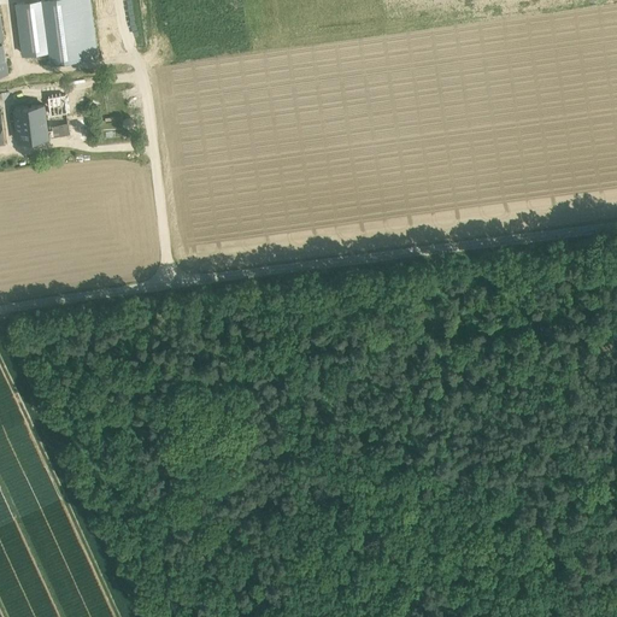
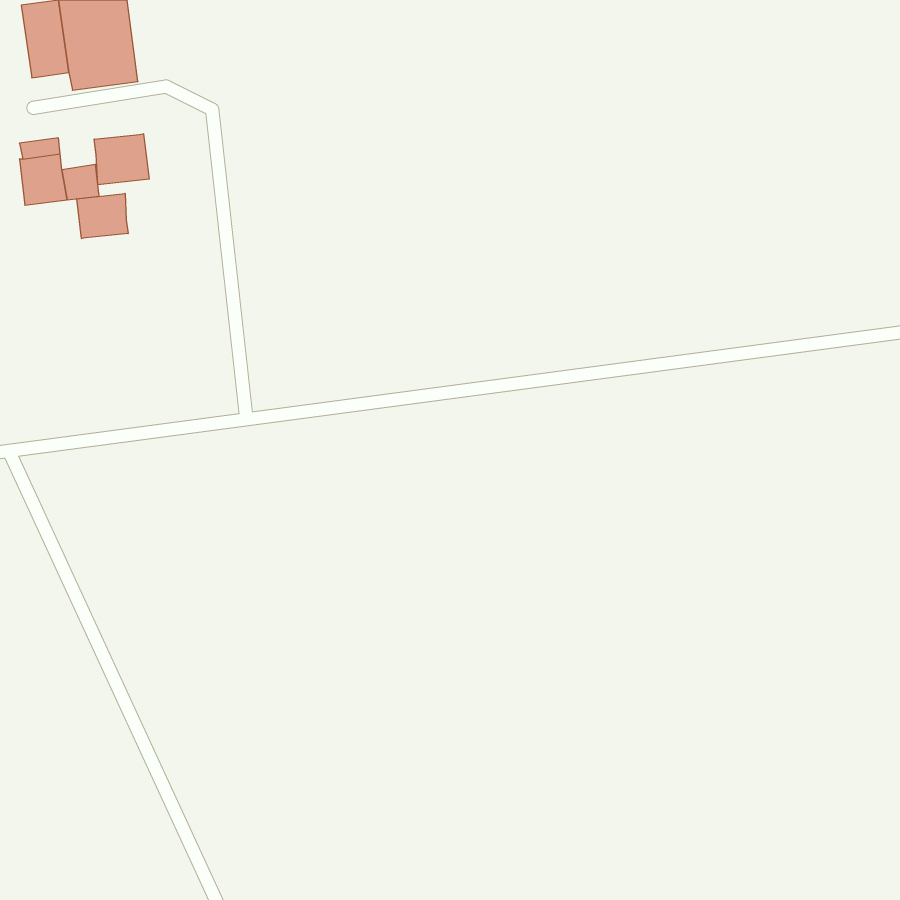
building: none -> [94,134,149,185]
building: none -> [77,193,128,239]

